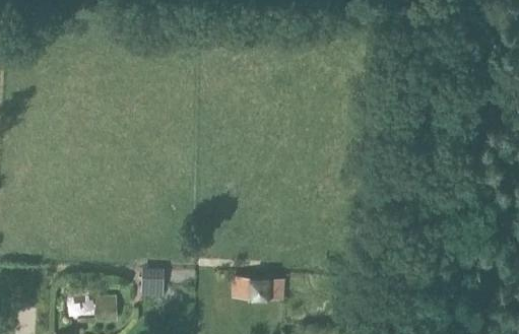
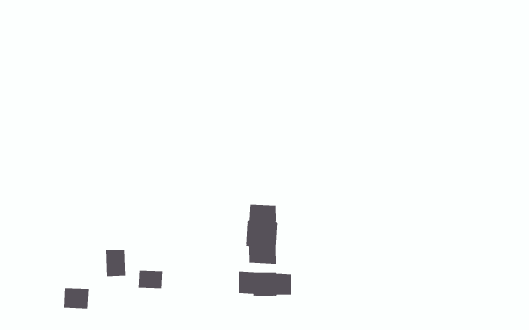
building: none -> [246,204,278,265]
building: [96,295,117,322] -> [105,249,126,277]

